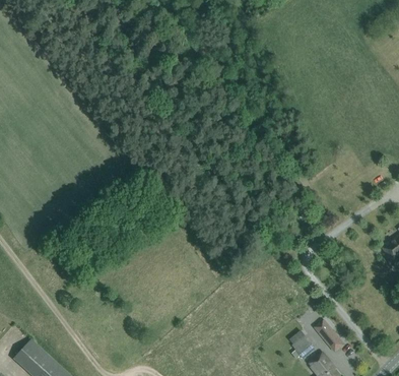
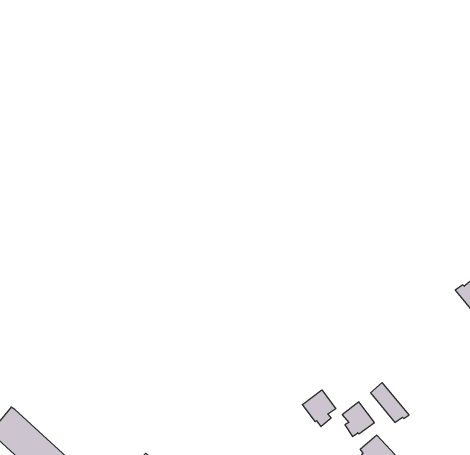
building: none -> [302,390,336,427]

